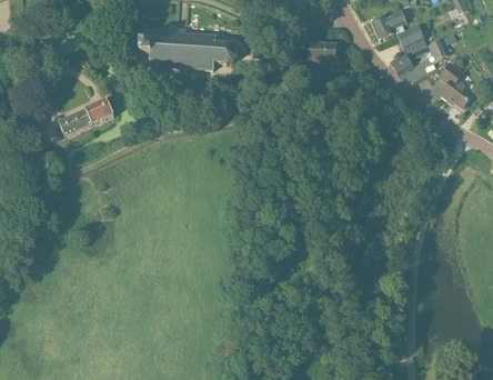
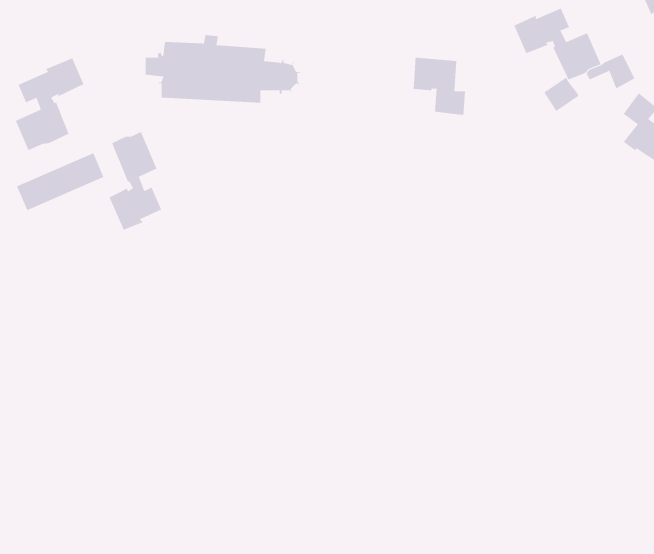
building: none -> [15,58,84,151]
building: none -> [109,131,162,231]

